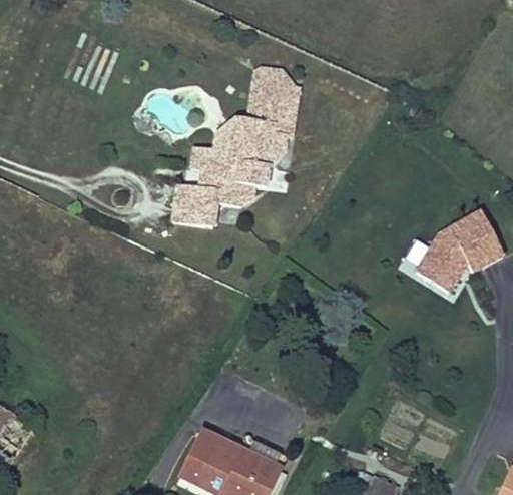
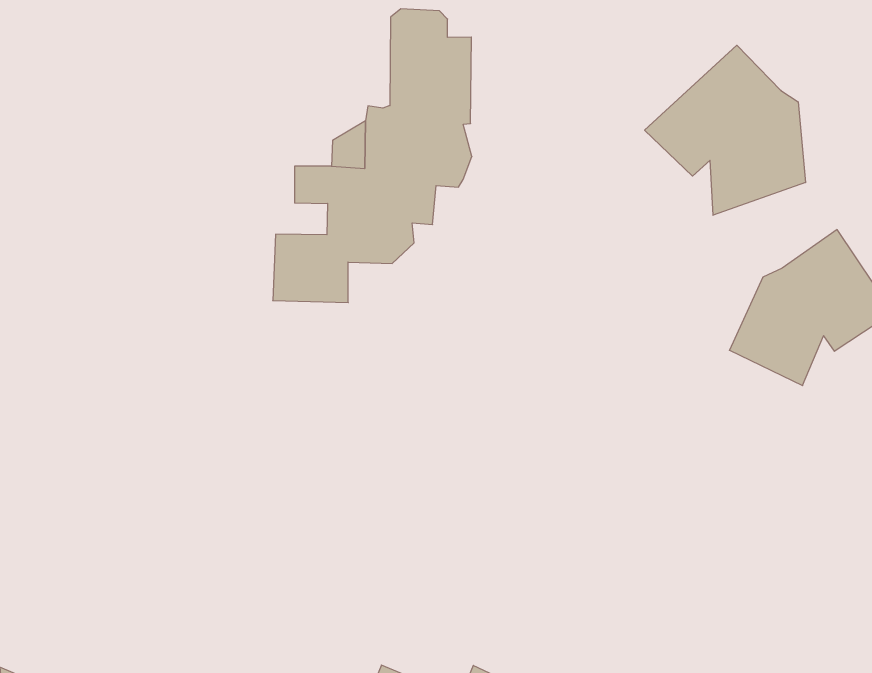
building: none -> [645,45,806,215]

